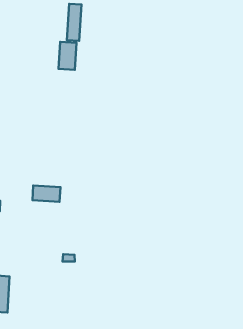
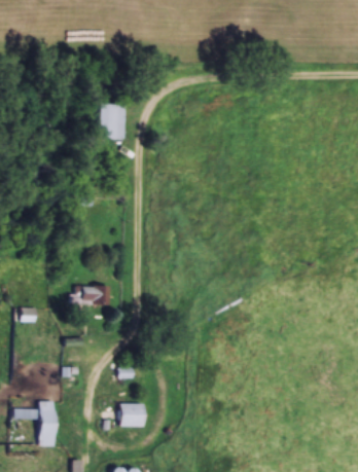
building: [67,4,81,41] -> none
building: none -> [119,402,143,425]

